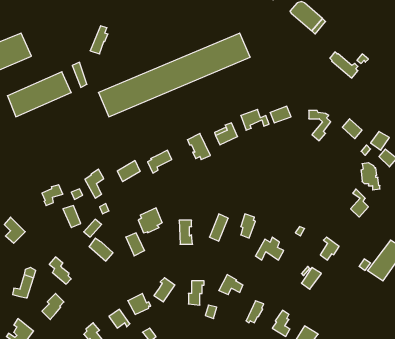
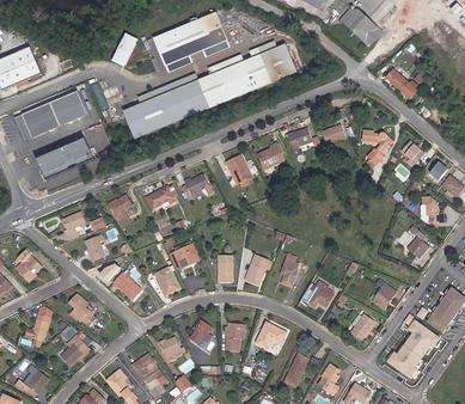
building: none -> [152,12,226,66]
building: none -> [38,134,97,177]
building: none -> [390,314,442,373]

